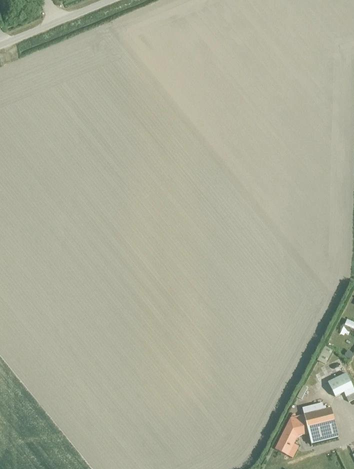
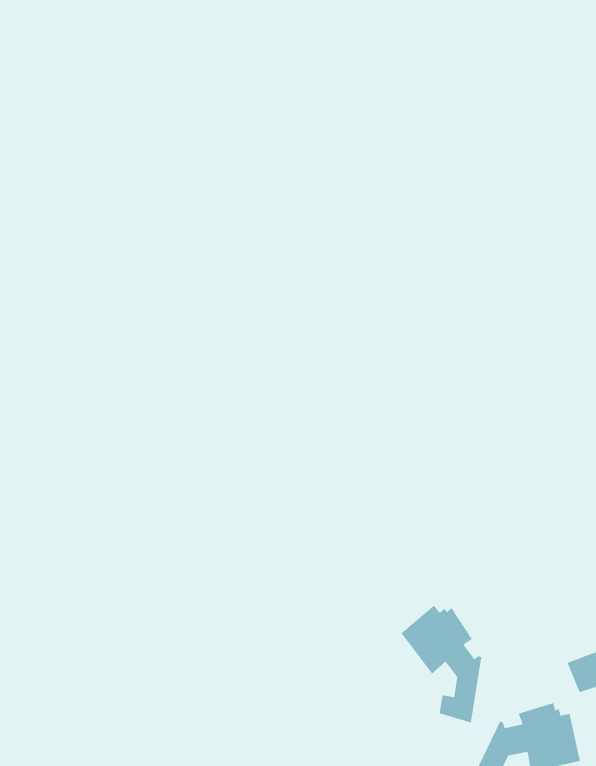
building: none -> [400,604,482,723]

